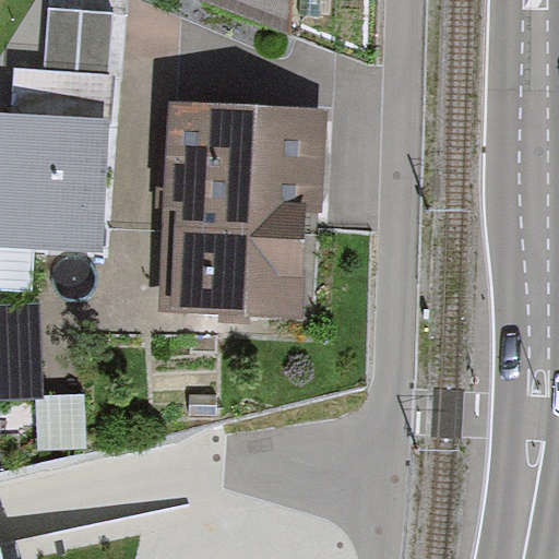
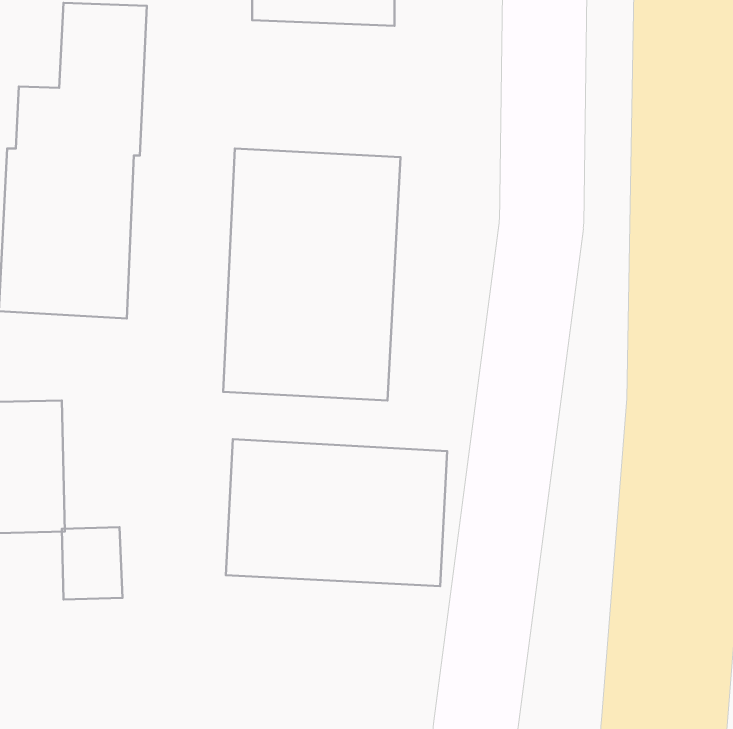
building: none -> [226,439,447,586]

